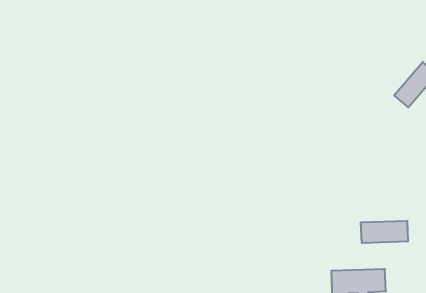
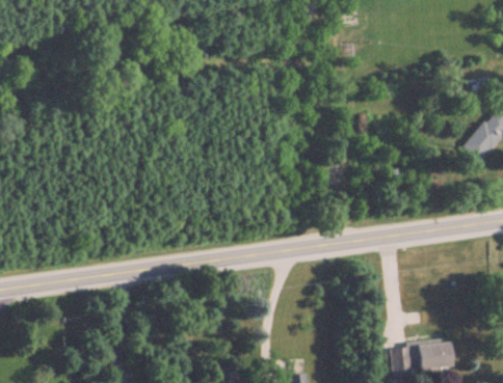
building: [361,221,408,243] -> none

